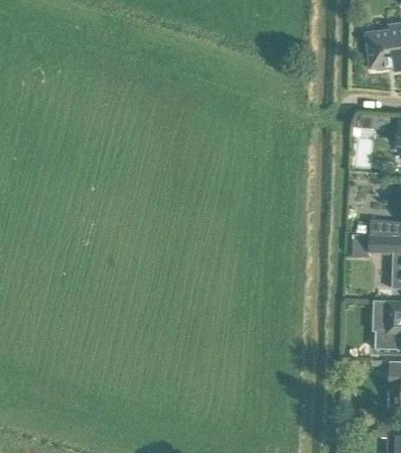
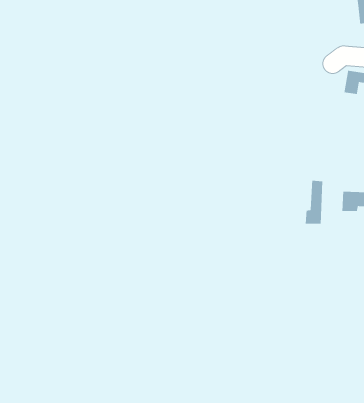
building: none -> [305,180,323,225]

